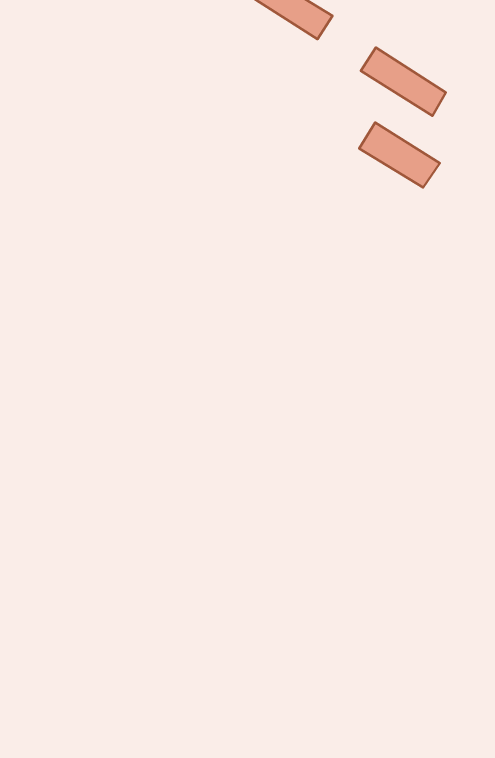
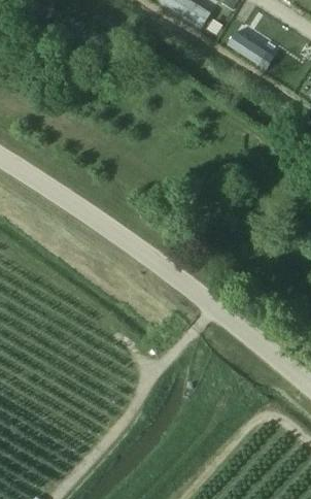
building: [359,123,440,187] -> none

